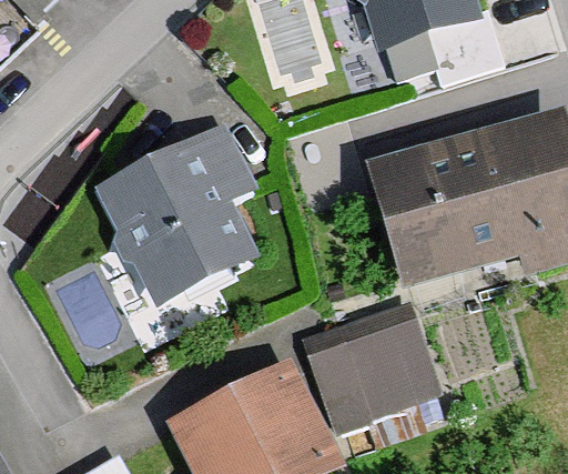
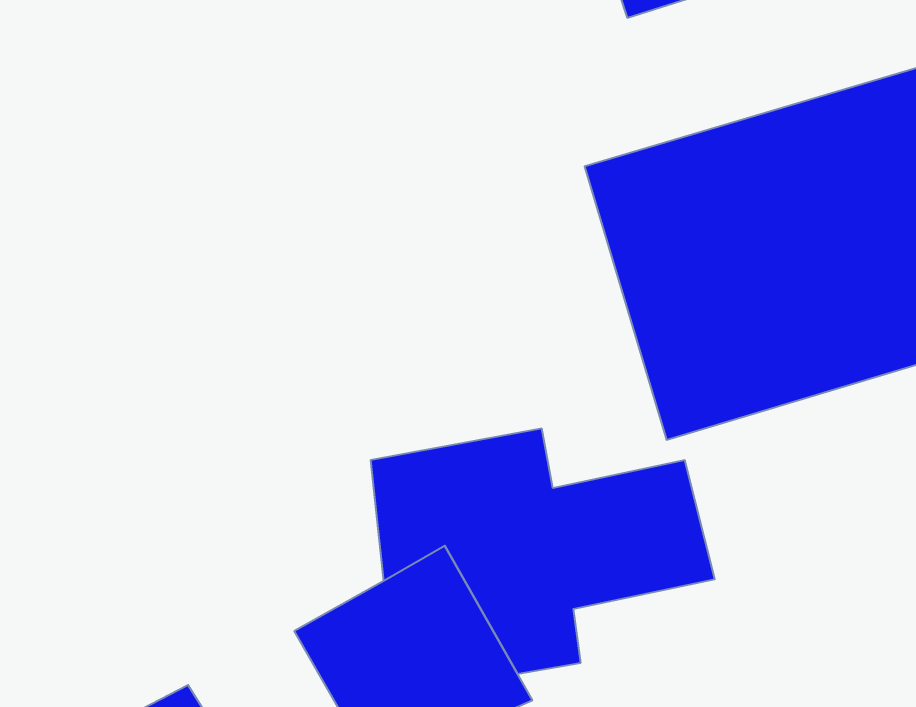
building: [97,124,261,311] -> none

